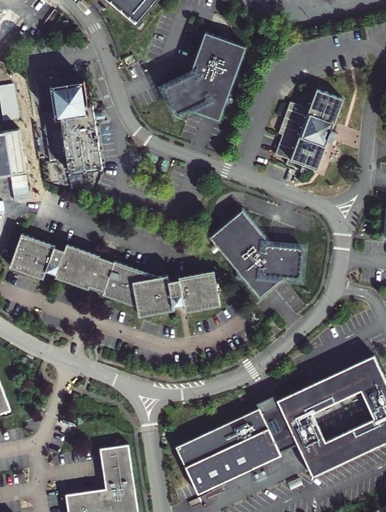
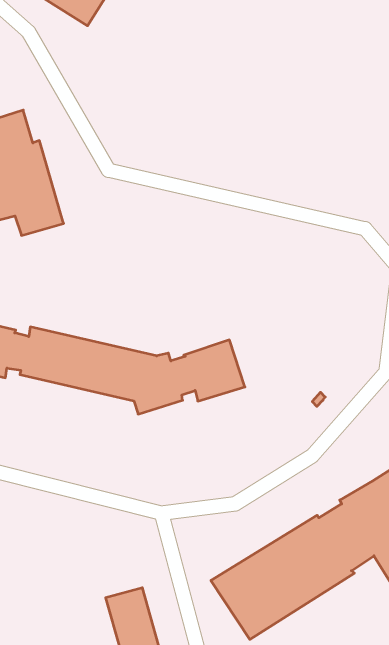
building: [164,31,246,120] -> none
building: [275,88,343,169] -> none
building: [210,210,304,298] -> none

